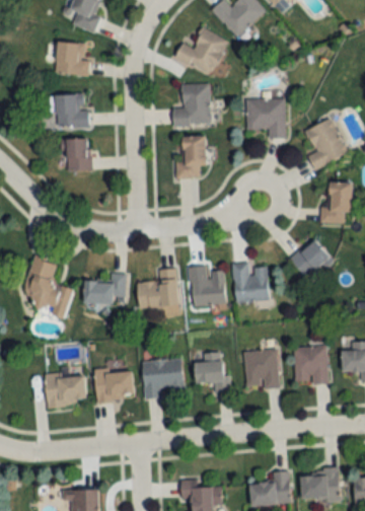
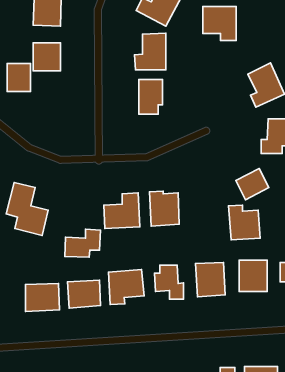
building: [247,98,286,138] -> [203,7,236,41]
building: [64,138,91,170] -> [7,63,31,91]
building: [233,262,270,302] -> [229,205,260,240]
building: [85,273,127,305] -> [65,229,100,257]

